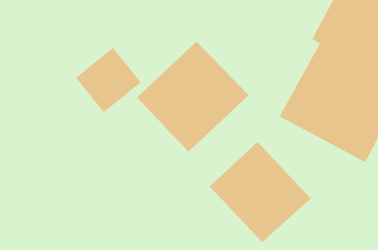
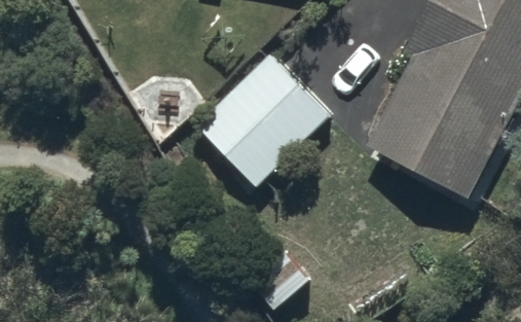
building: [209,141,311,243] -> none

